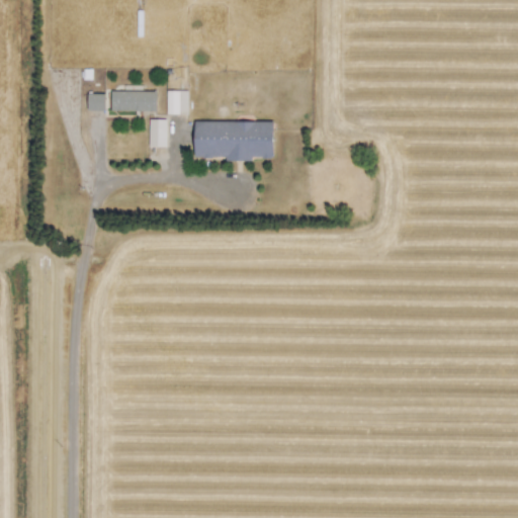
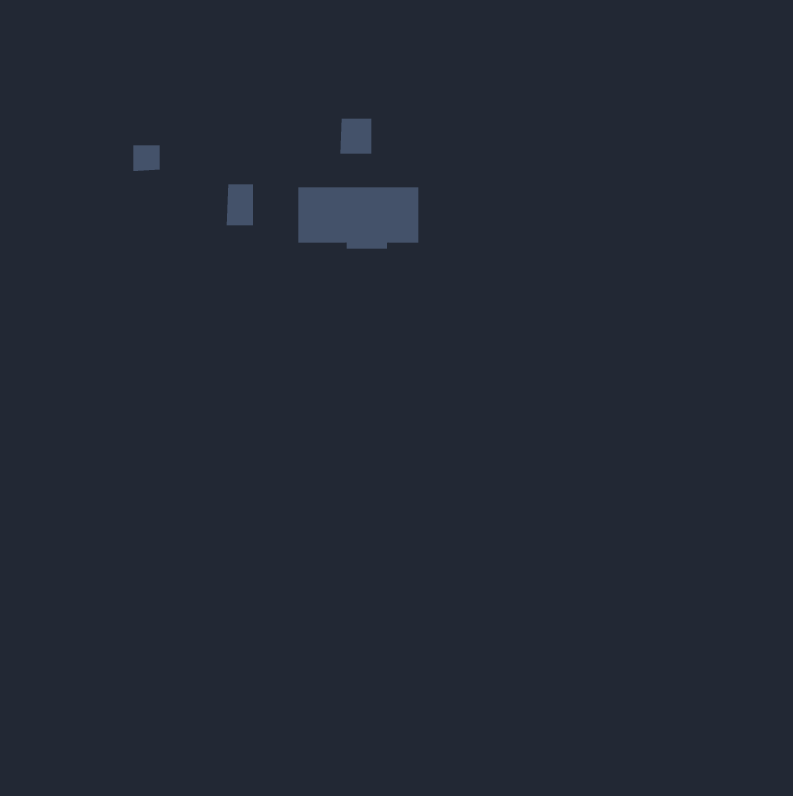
building: [111,91,157,112] -> none
building: [167,91,188,114] -> [339,118,372,154]

